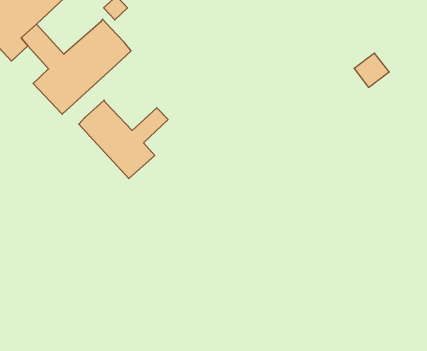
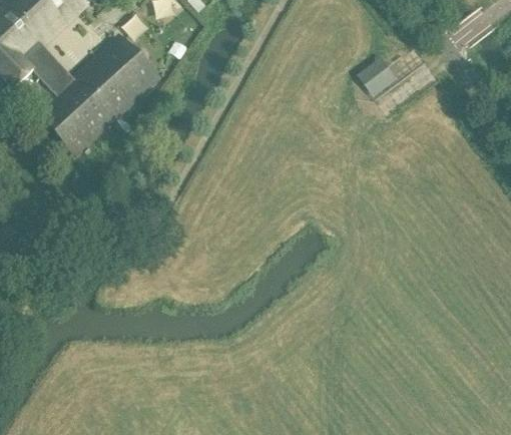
building: [354,53,389,87] -> [363,56,404,96]
building: [79,100,168,179] -> none

